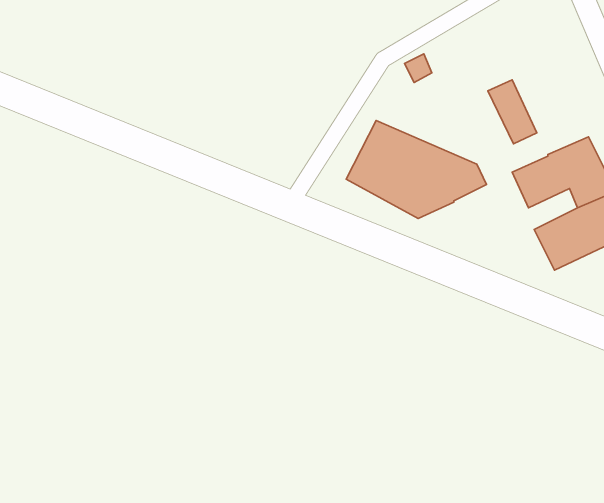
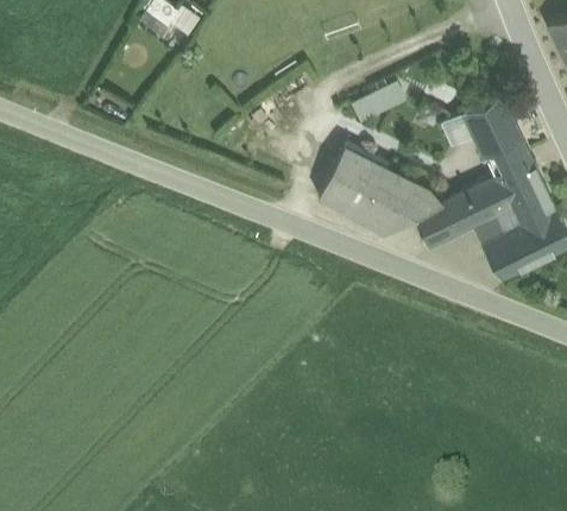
building: none -> [464,97,530,178]
building: none -> [412,194,478,250]

